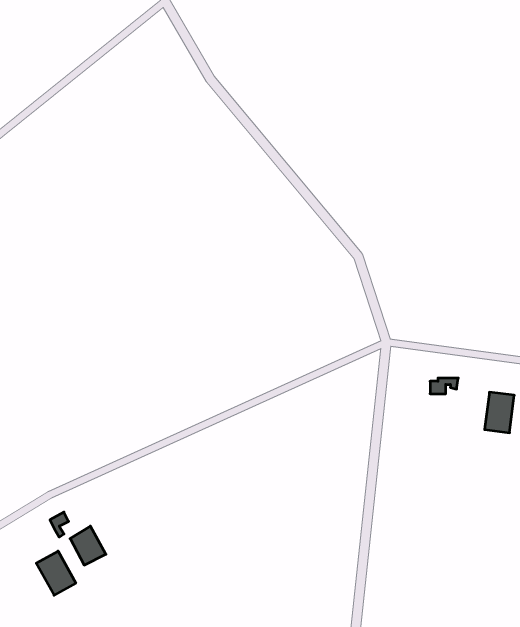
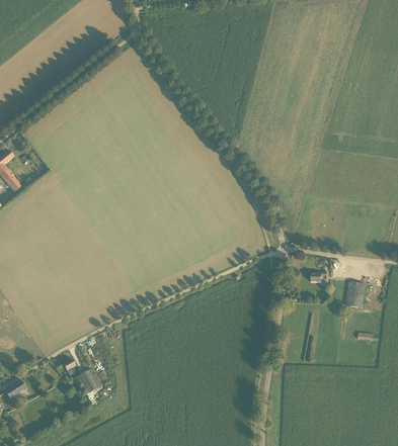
building: [36,551,76,595] -> none

